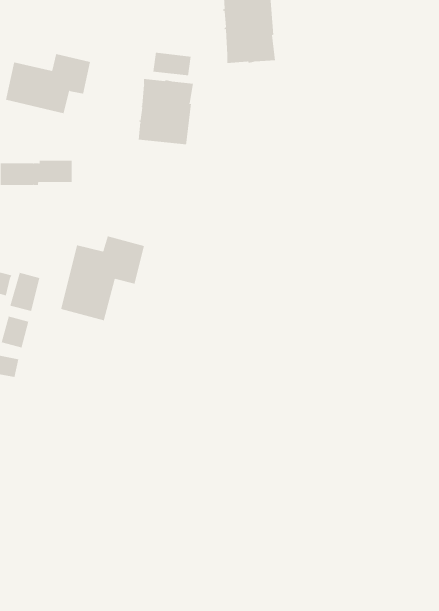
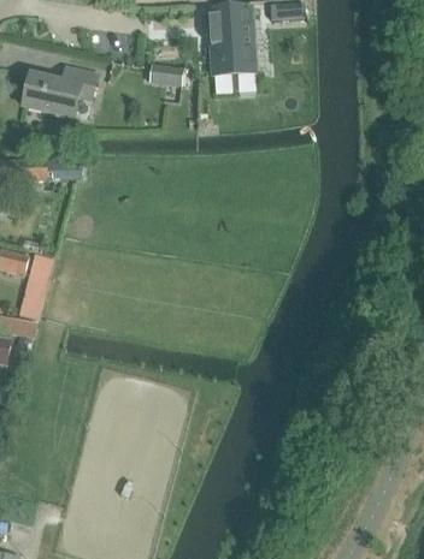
building: [138,78,193,145] -> none
building: [60,236,145,321] -> none

